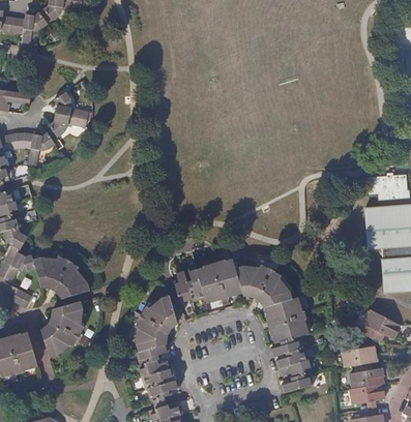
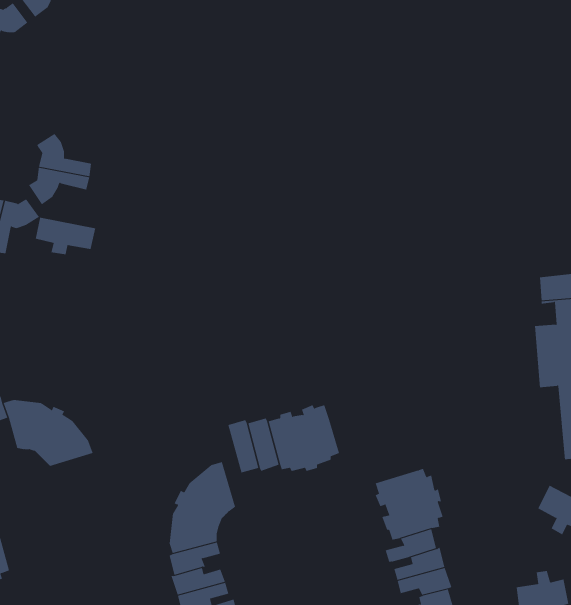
building: none -> [35,217,96,255]
building: [236,267,291,308] -> none
building: [41,301,83,358] -> none
building: [343,340,377,366] -> none

